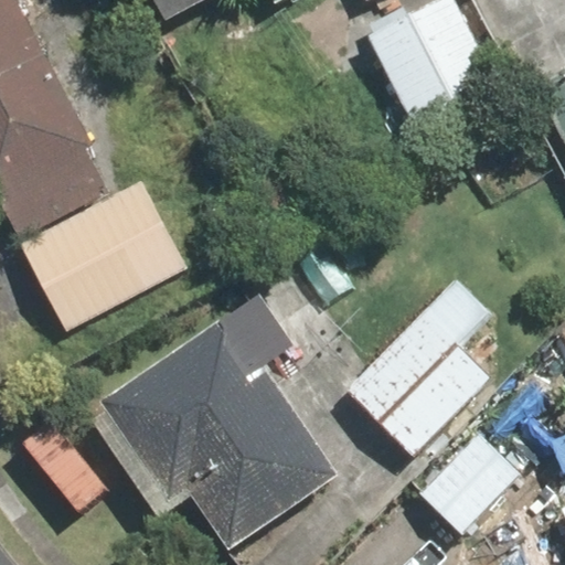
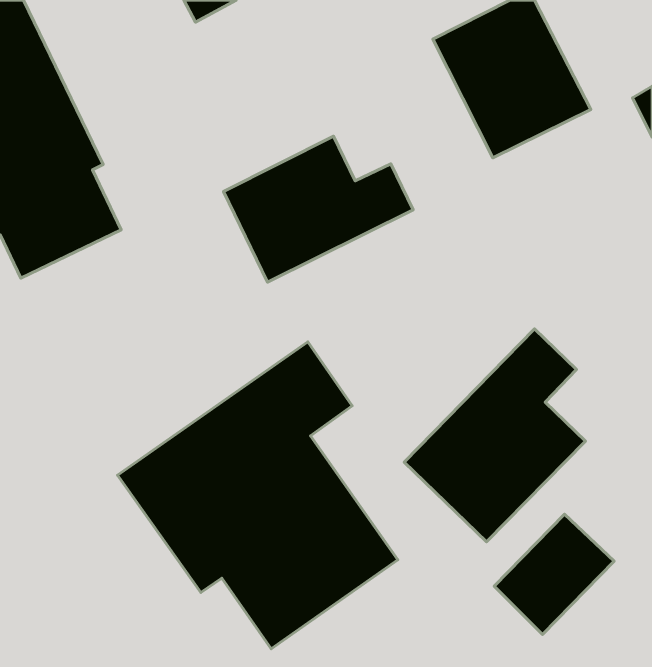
building: none -> [223,136,413,282]
building: [17,179,186,329] -> none

